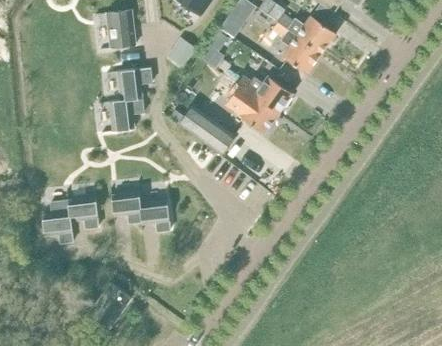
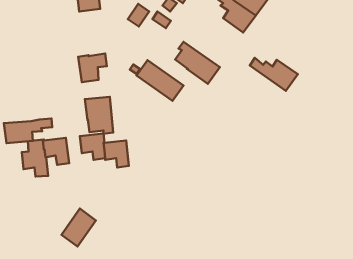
building: [117,68,151,101] -> none
building: [234,75,291,114] -> [250,58,298,91]
building: none -> [85,97,113,134]
building: none -> [4,118,52,143]

